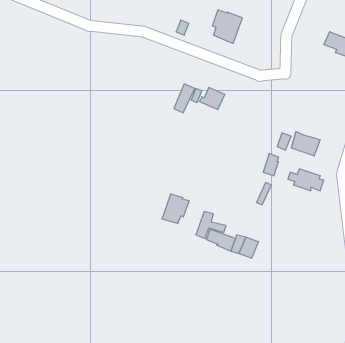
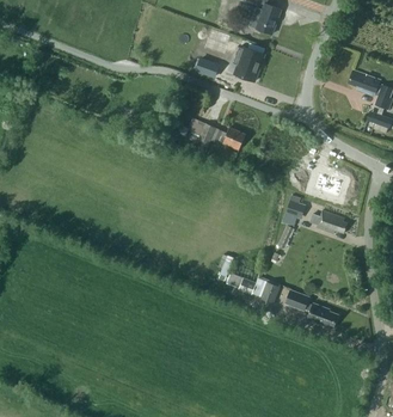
building: [162,194,189,224] -> none
building: none -> [285,289,339,327]

